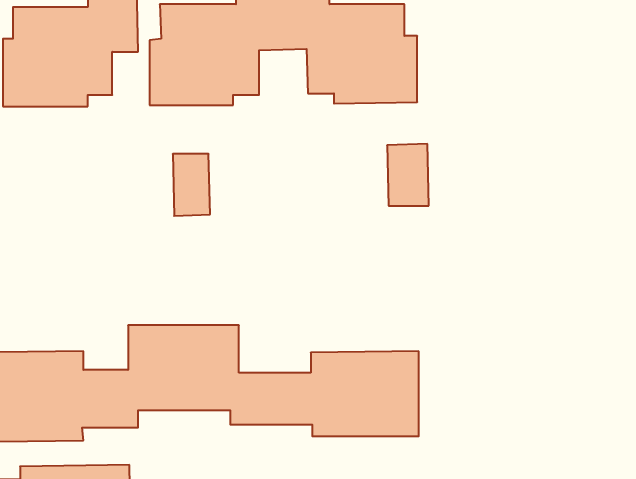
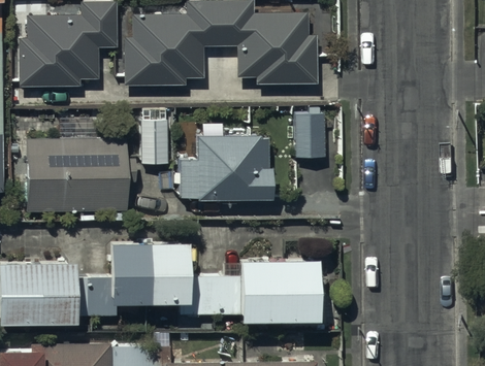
building: none -> [180,134,272,201]
building: none -> [26,135,136,212]

